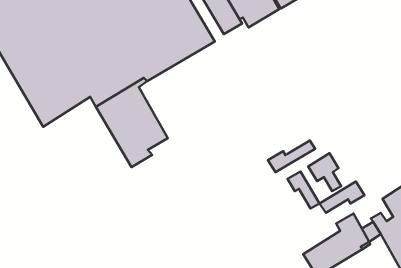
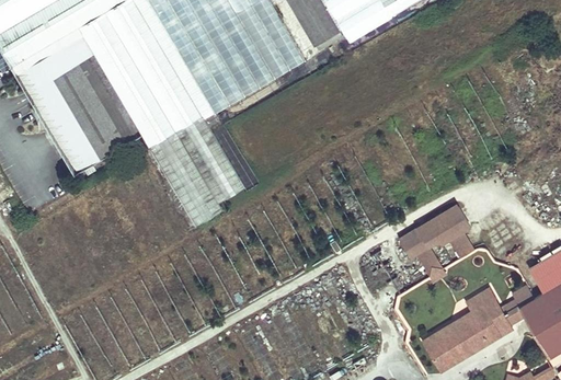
building: [268,141,315,172] -> none
building: [320,182,365,213] -> none

